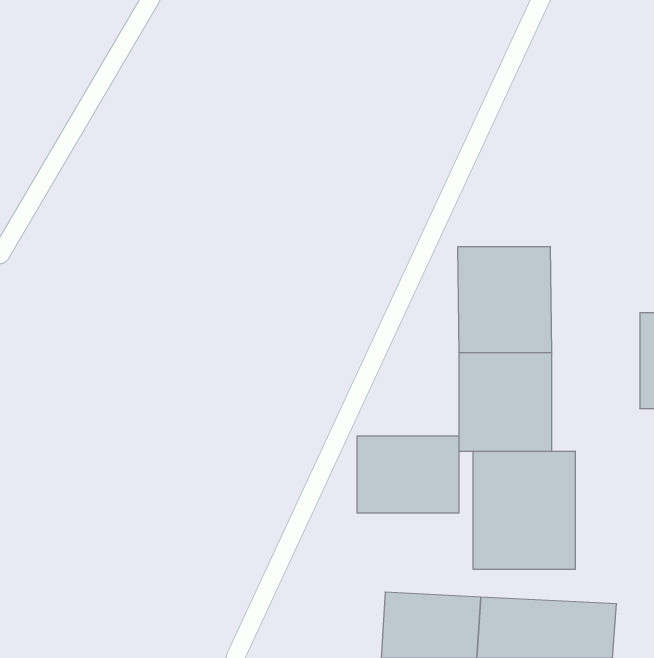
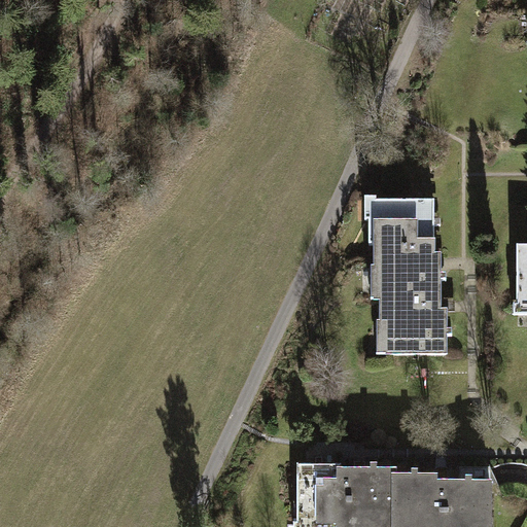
building: [357,436,459,513] -> none
building: [473,451,575,569] -> none

